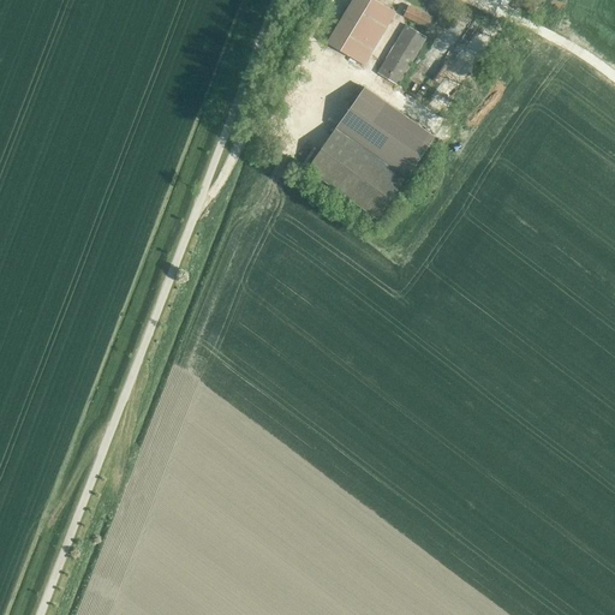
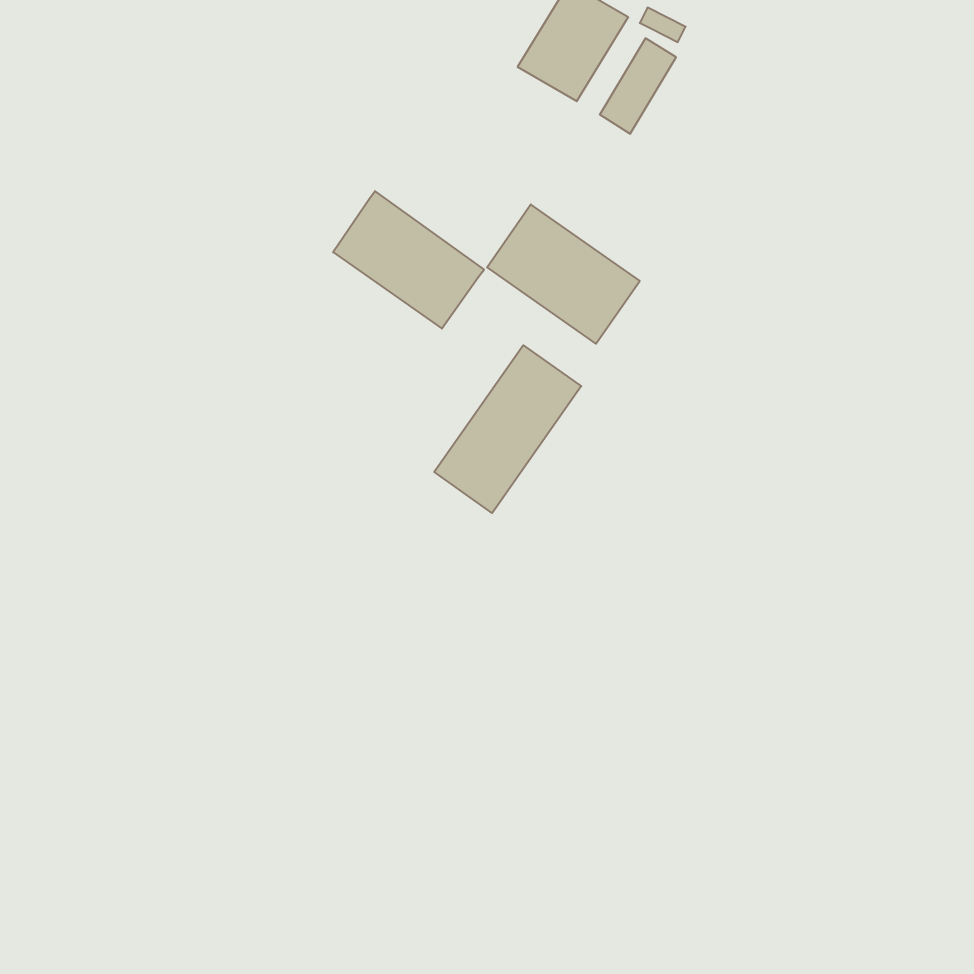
building: [339,85,434,172] -> [333,191,484,329]
building: none -> [434,345,581,513]

